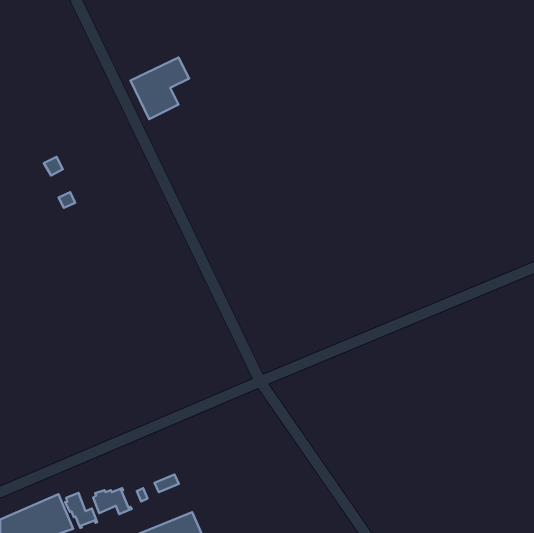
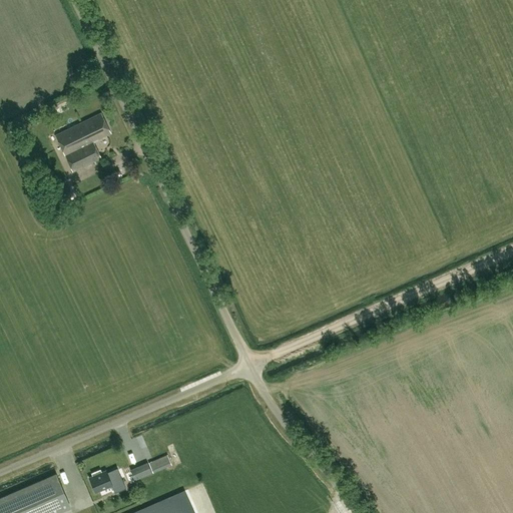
building: [131,58,189,119] -> [54,114,110,173]
building: [65,493,97,528] -> none

